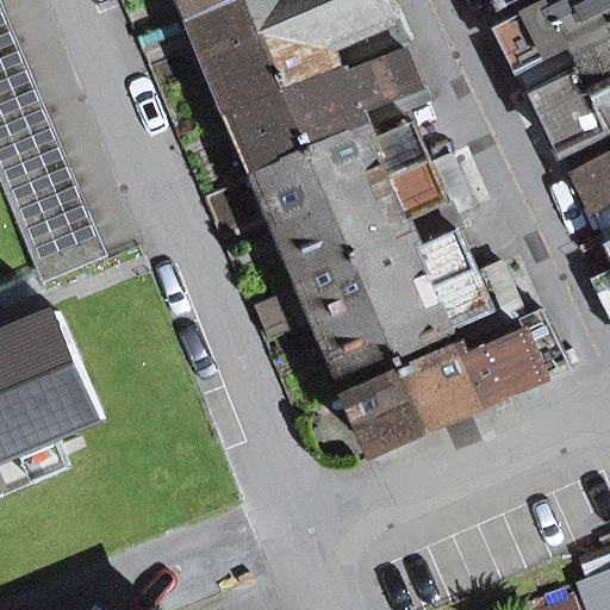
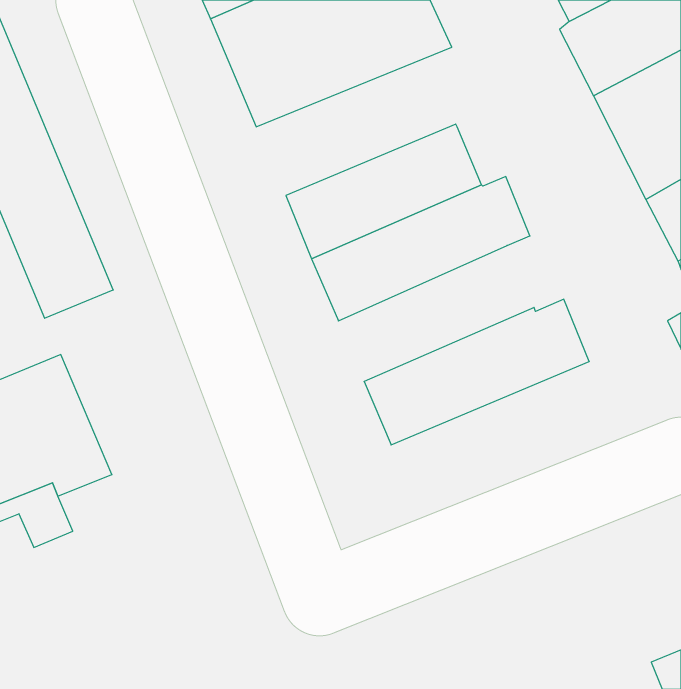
building: [226,42,424,173] -> none
building: [299,217,472,337] -> none
building: [346,312,565,455] -> none

